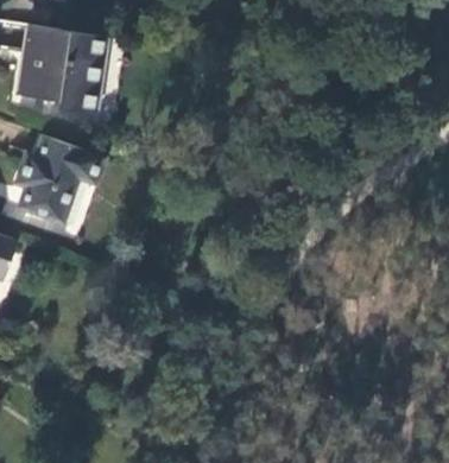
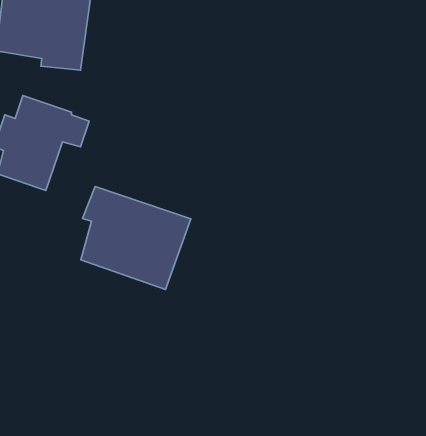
building: none -> [81,186,191,290]

